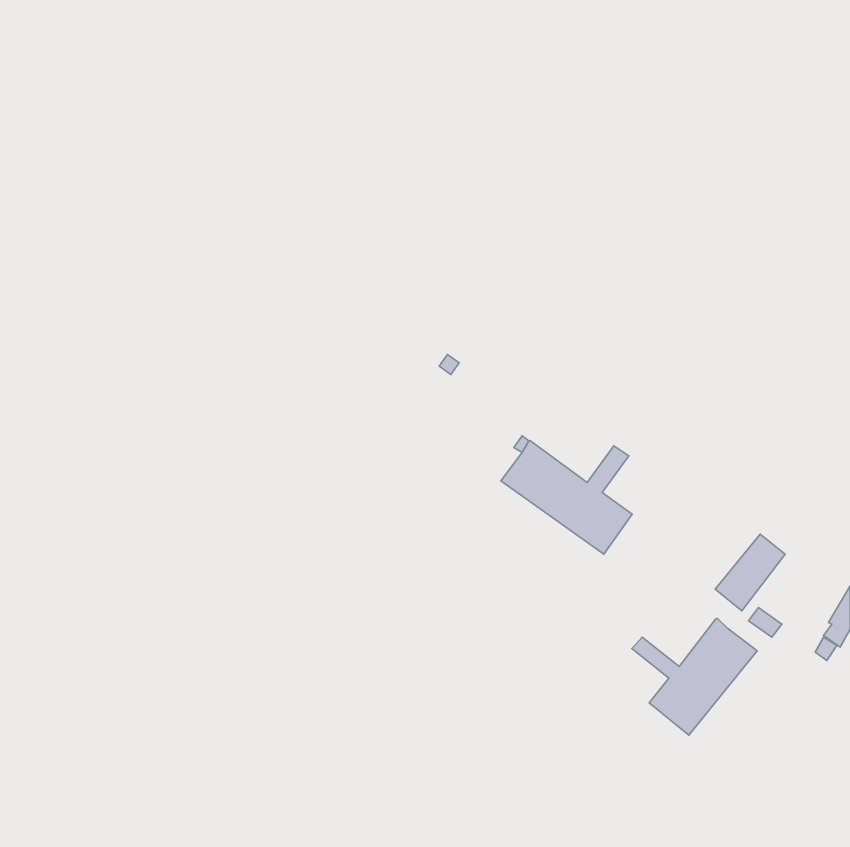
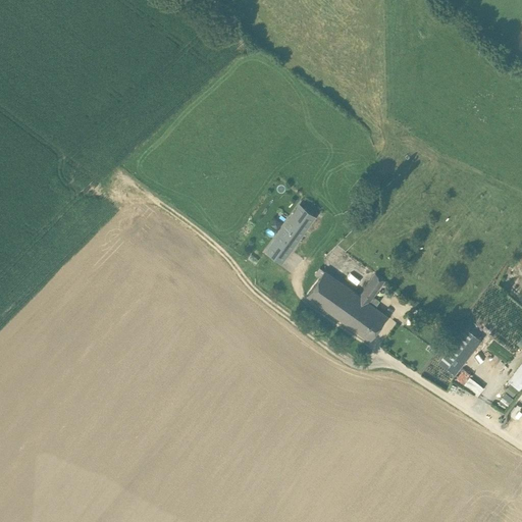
building: none -> [267,207,315,263]
building: [632,619,757,735] -> none

